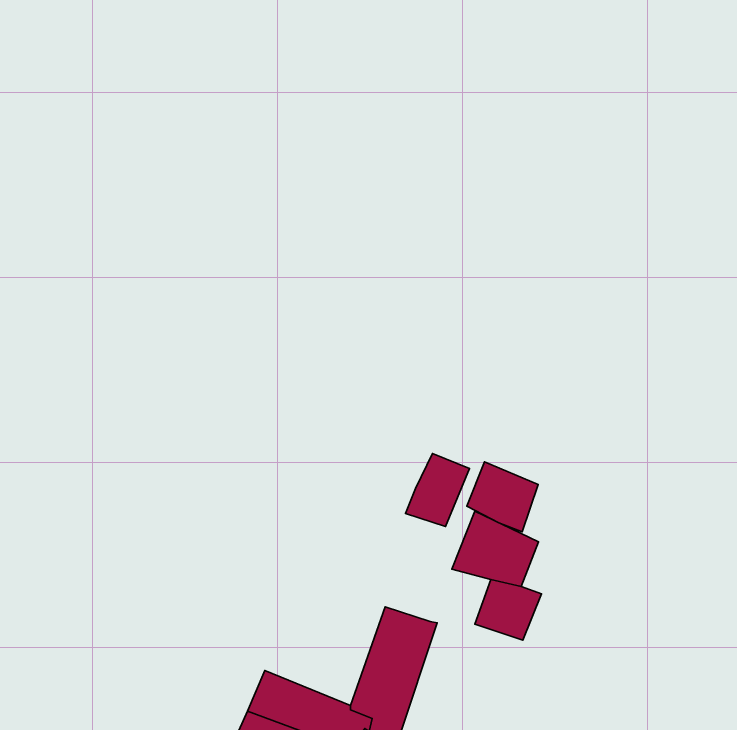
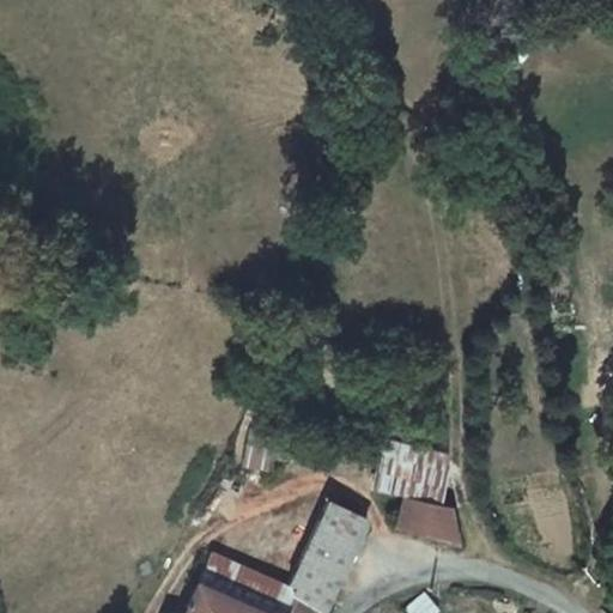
building: [406,453,470,526] -> none
building: [467,462,538,532] -> none

